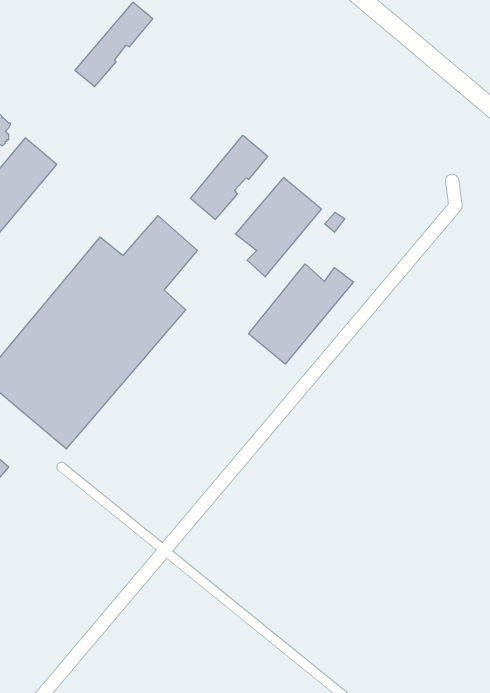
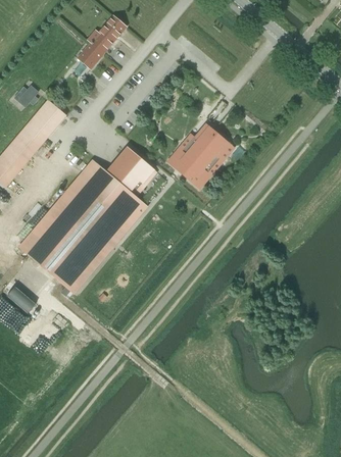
building: [191,135,268,219] -> none
building: [249,264,354,364] -> none

